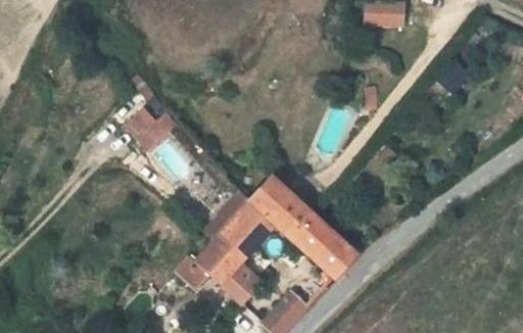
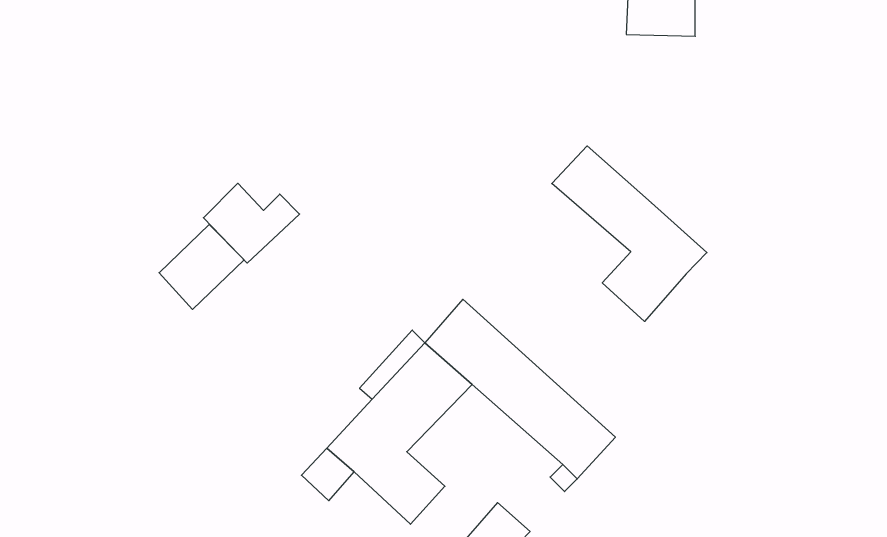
building: none -> [552,146,707,321]
building: none -> [159,225,244,309]

